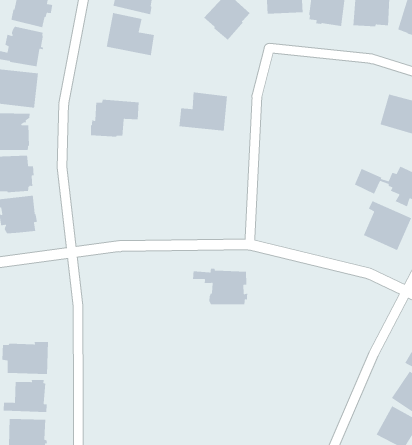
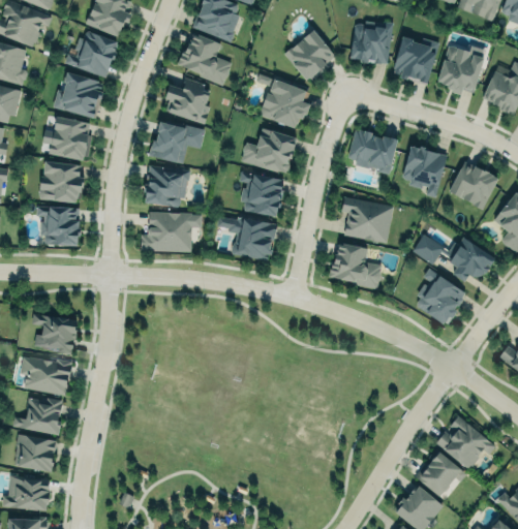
building: none -> [260,79,310,128]
building: none -> [164,77,210,123]
building: none -> [347,129,397,173]
building: none -> [401,145,447,197]
building: none -> [239,172,283,217]
building: none -> [144,165,190,207]
building: none -> [341,197,393,243]
building: none -> [140,212,201,251]
building: none -> [331,243,382,287]
building: [192,268,248,305] -> [217,216,275,260]
building: none -> [32,314,78,354]

